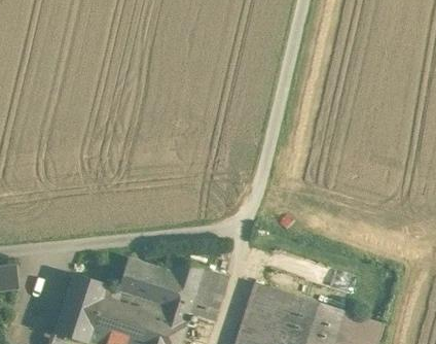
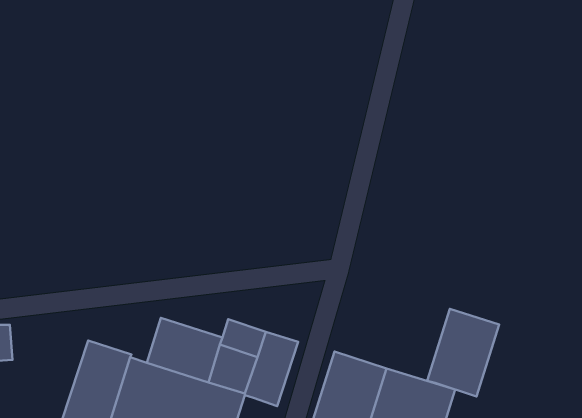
building: none -> [427,309,499,397]

